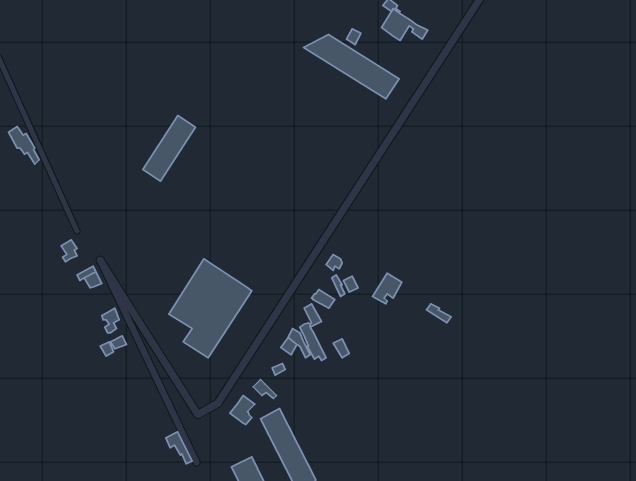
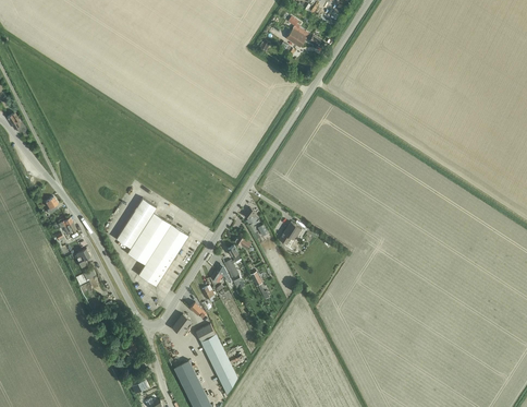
building: [304,35,399,99] -> none
building: [143,116,195,181] -> [117,199,156,248]

